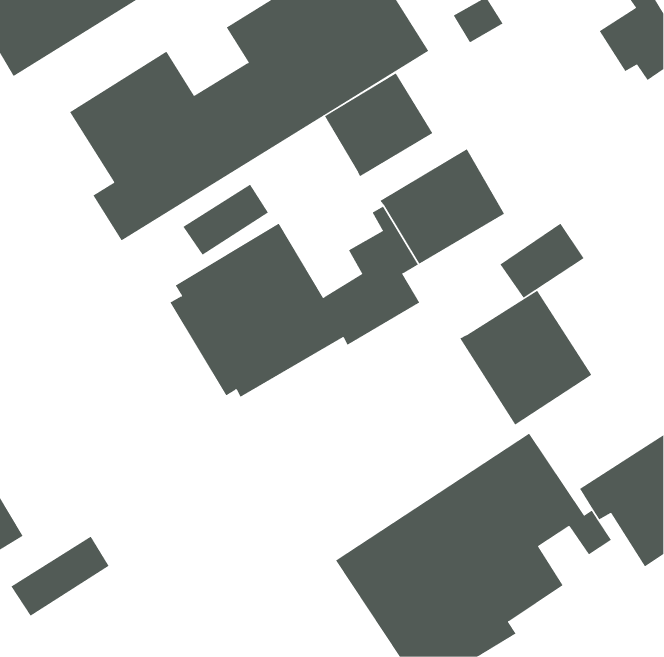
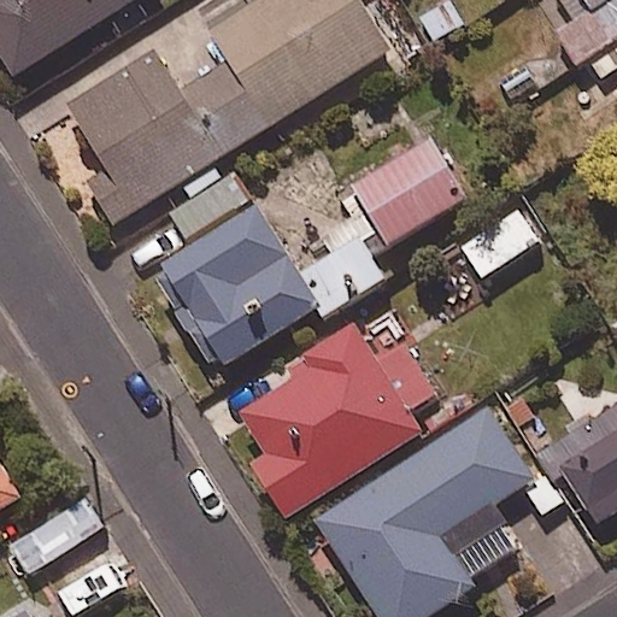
building: [324,73,433,177] -> none
building: [459,290,592,426] -> none
building: none -> [240,325,437,524]

